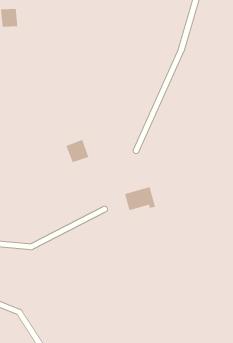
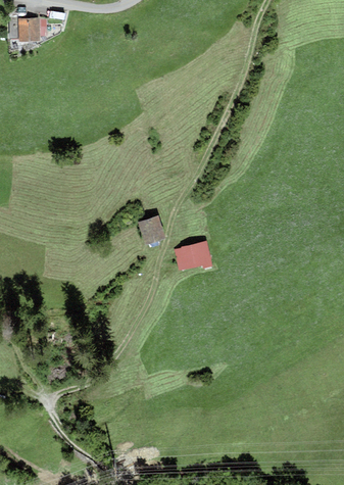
building: [66,139,89,163] -> [137,214,166,244]

